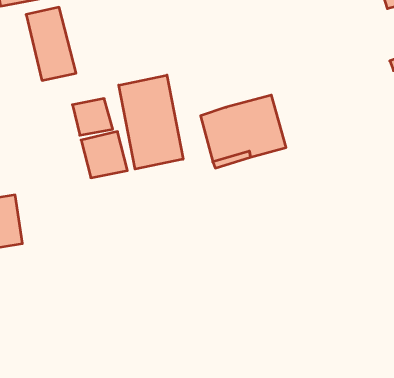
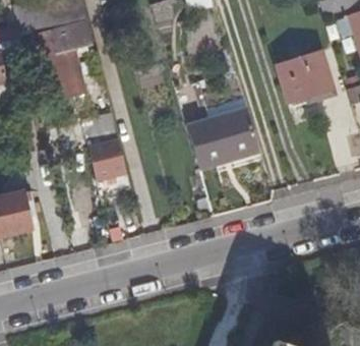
building: none -> [277,50,335,106]
building: [119,75,183,169] -> none

